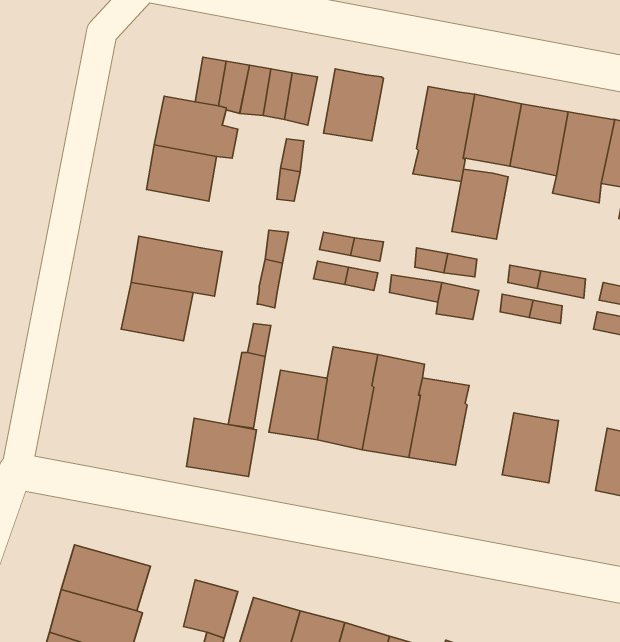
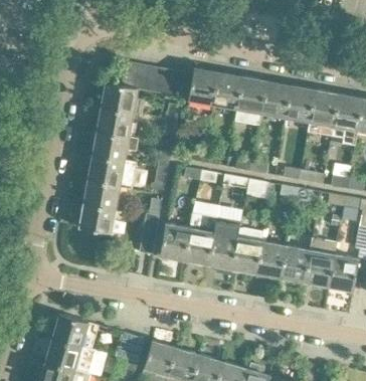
building: [452,169,508,239] -> [213,73,242,110]
building: none -> [93,131,138,161]
building: none -> [305,239,336,287]
building: none -> [256,242,287,278]
building: [186,418,256,476] -> [79,203,116,233]

